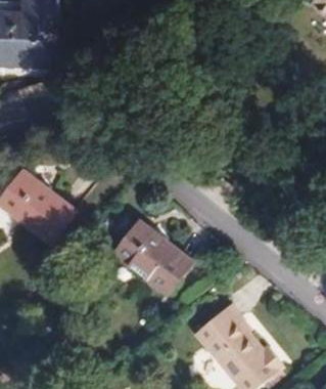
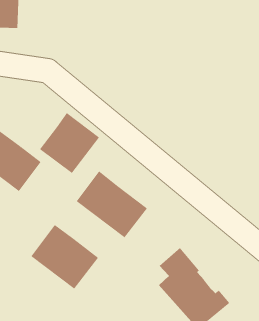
building: none -> [39,112,100,174]
building: none -> [30,224,99,290]

